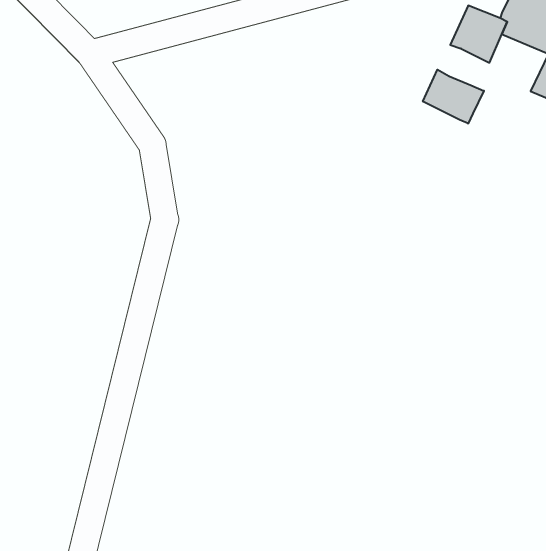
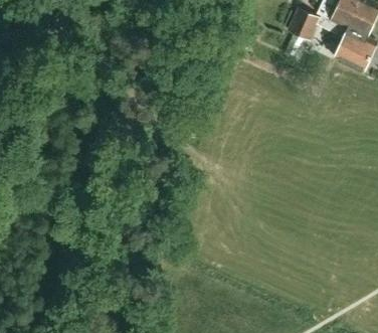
building: [423,70,484,124] -> none

